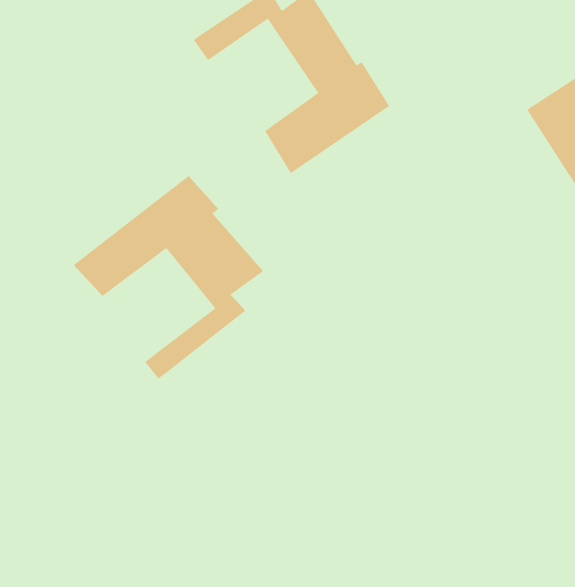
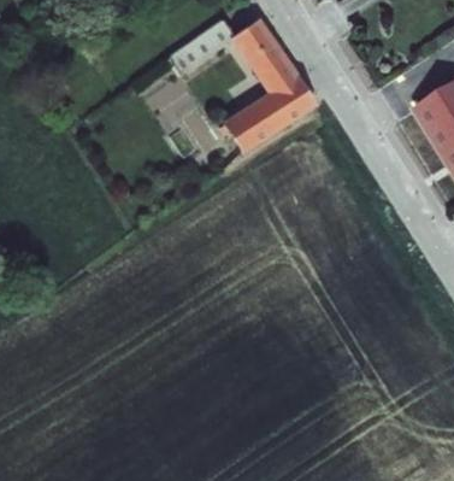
building: [73,175,264,379] -> none

